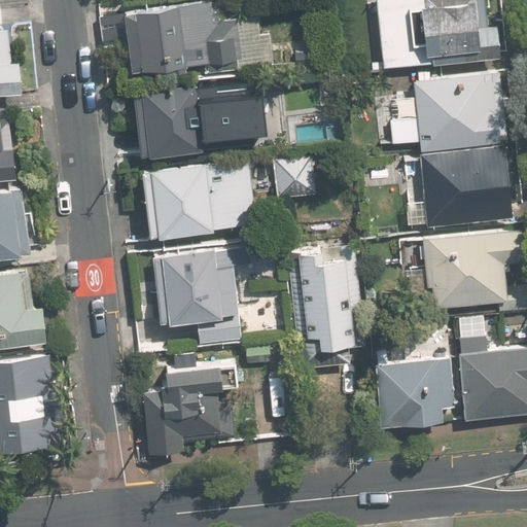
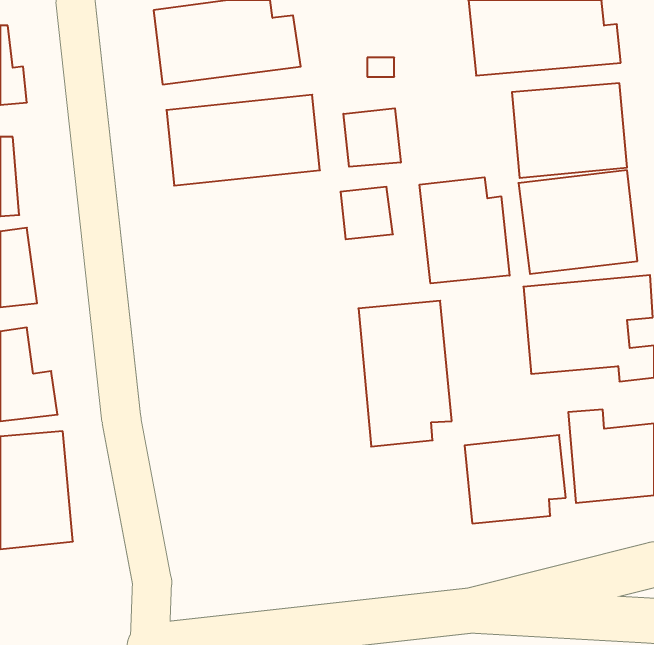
building: none -> [343,108,401,167]
building: none -> [420,177,510,283]
building: [142,160,255,238] -> none
building: [152,250,240,344] -> none
building: [142,365,222,453] -> none

